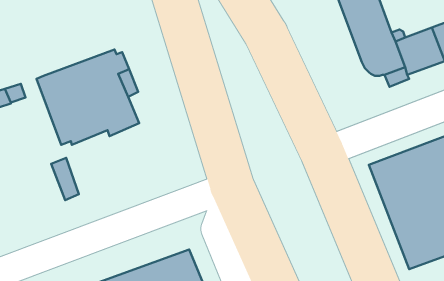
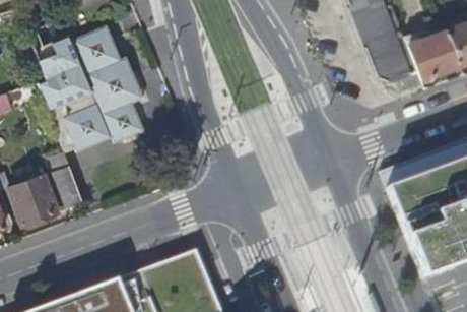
building: none -> [28,19,119,79]
building: none -> [7,174,58,225]

